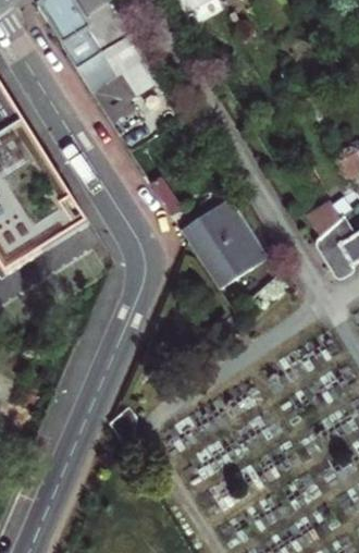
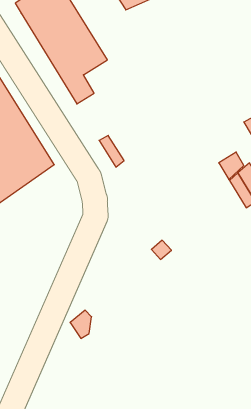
building: [178,201,269,295] -> none

